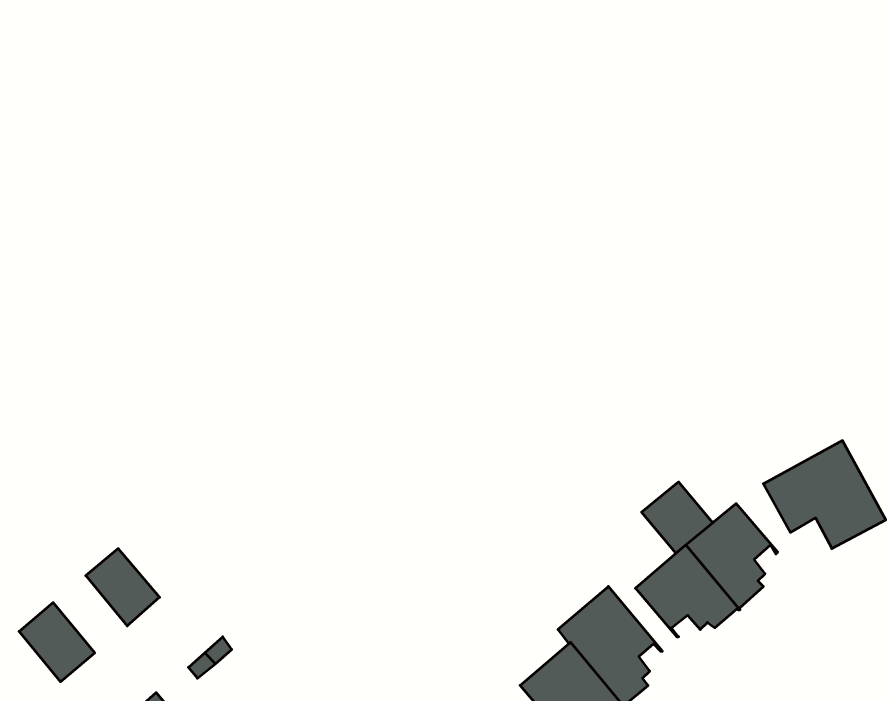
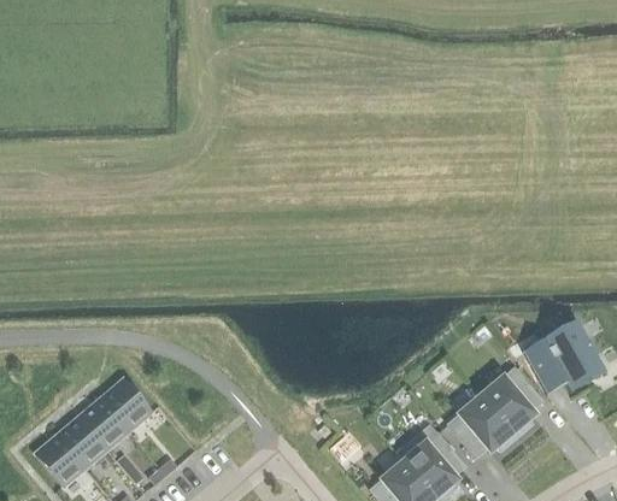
building: [642,482,713,553] -> none
building: none -> [99,378,149,430]
building: none -> [55,415,105,467]

